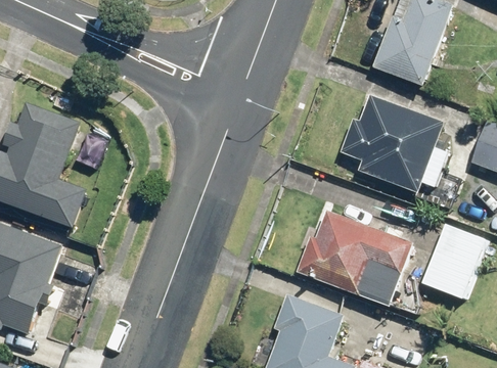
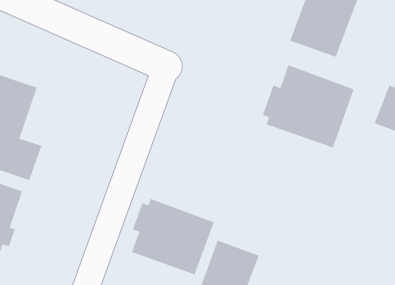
building: [296,205,416,297] -> none
building: [421,224,488,301] -> none
building: none -> [131,198,214,275]

